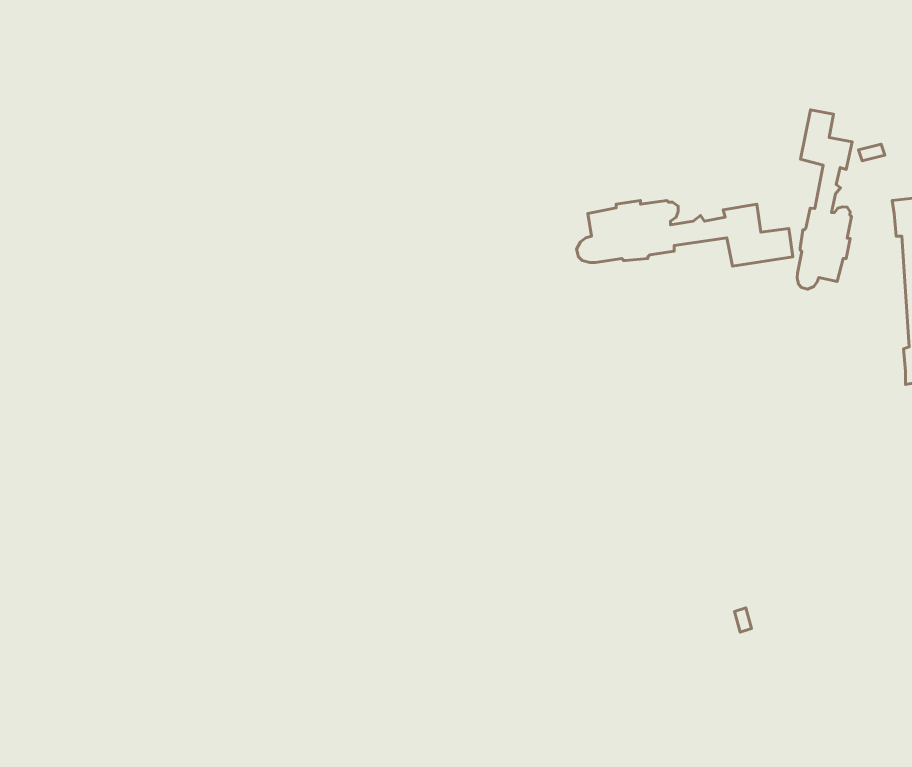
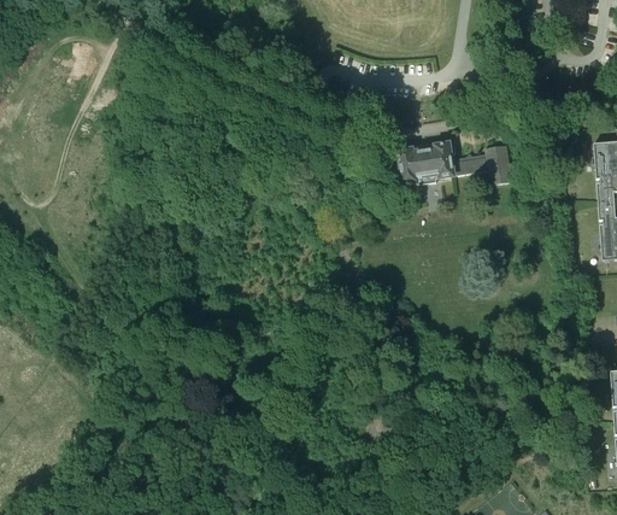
building: [797,110,852,289] -> none

